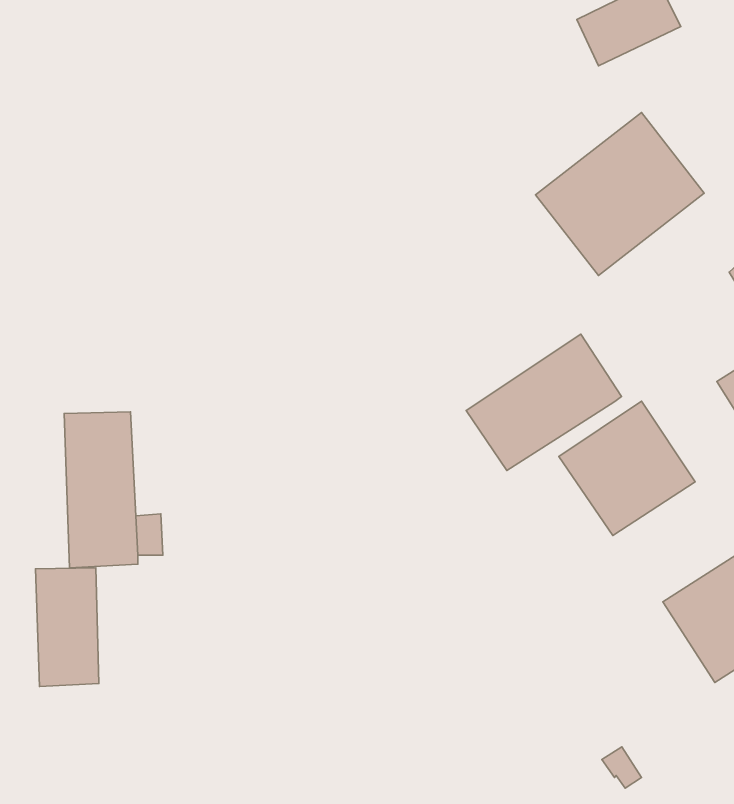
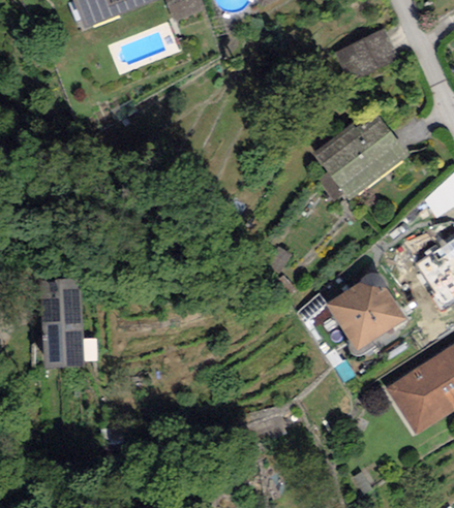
building: [466,334,621,471] -> none
building: [35,568,99,686] -> none

